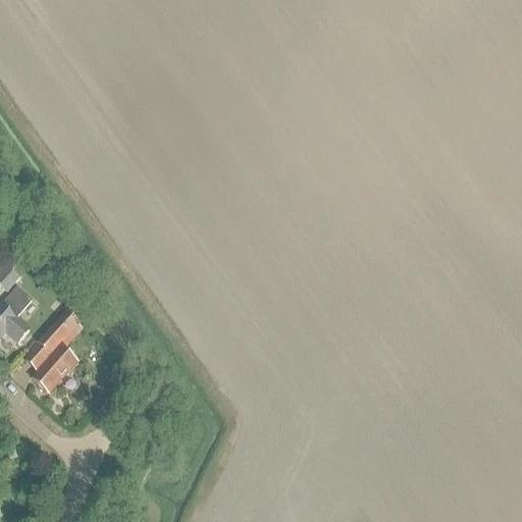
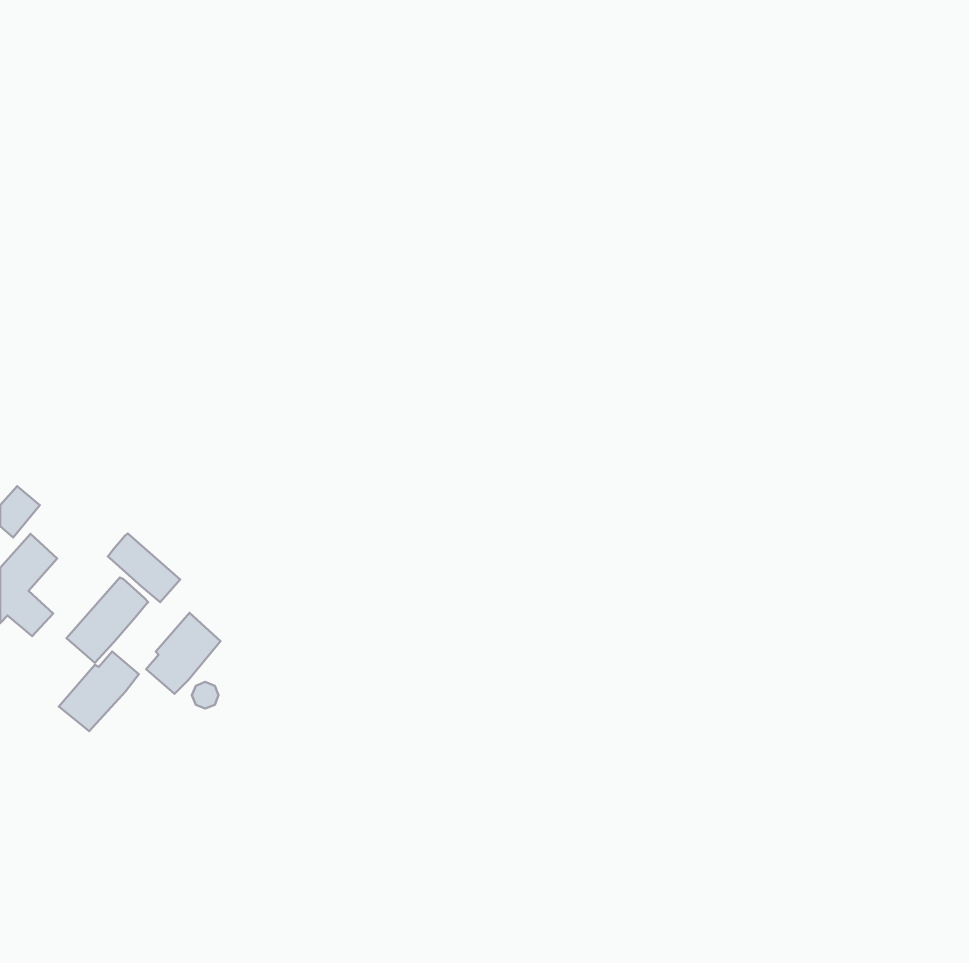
building: none -> [108,534,180,602]
building: none -> [146,613,220,694]

